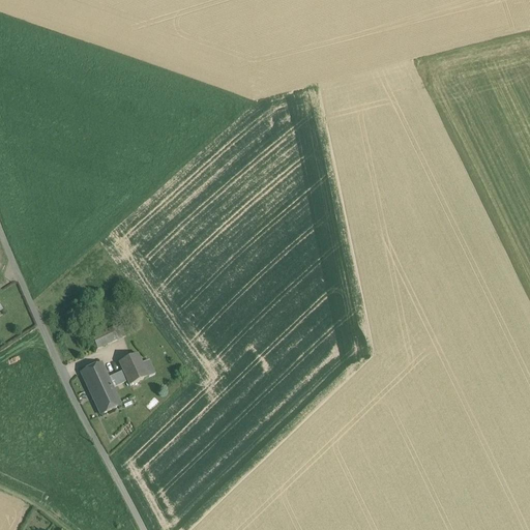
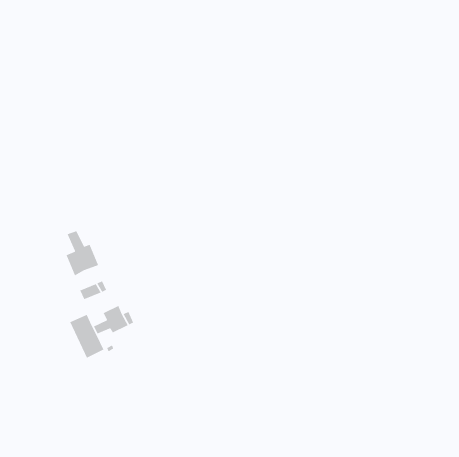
building: none -> [66,230,99,276]

